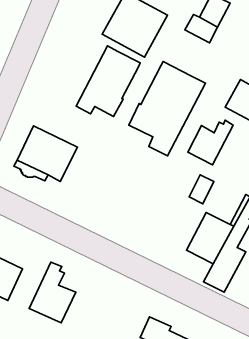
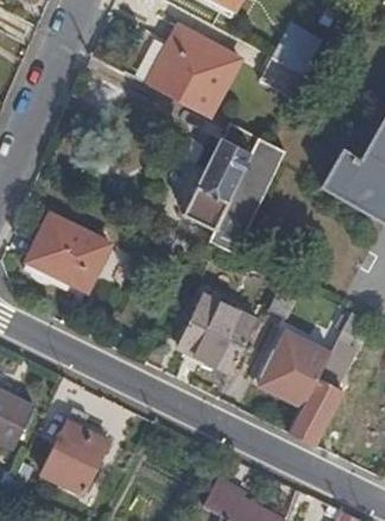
building: [76,46,140,116] -> none
building: [188,120,233,165] -> none
building: none -> [178,291,259,372]

